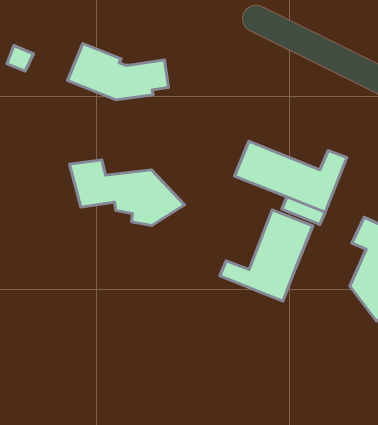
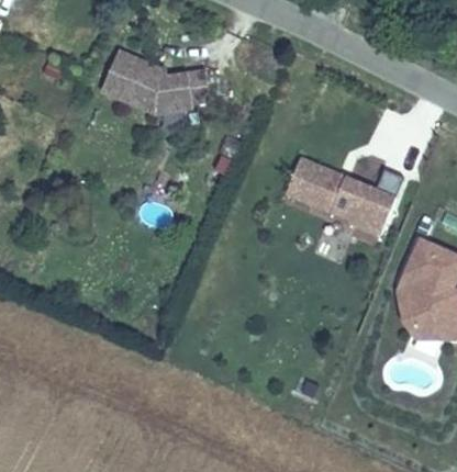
building: [70,160,184,226] -> none
building: [220,210,313,301] -> none

